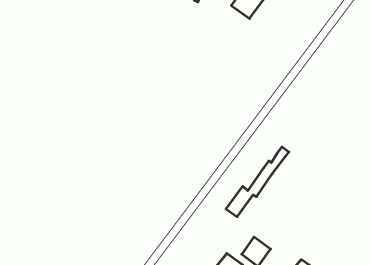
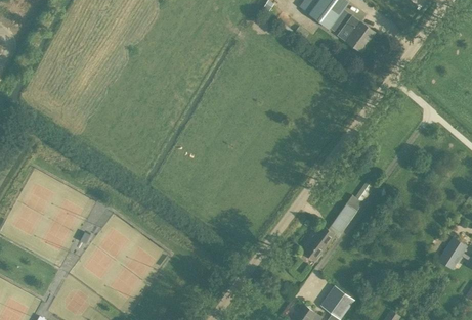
building: none -> [340,15,374,53]
building: none -> [437,237,466,270]

